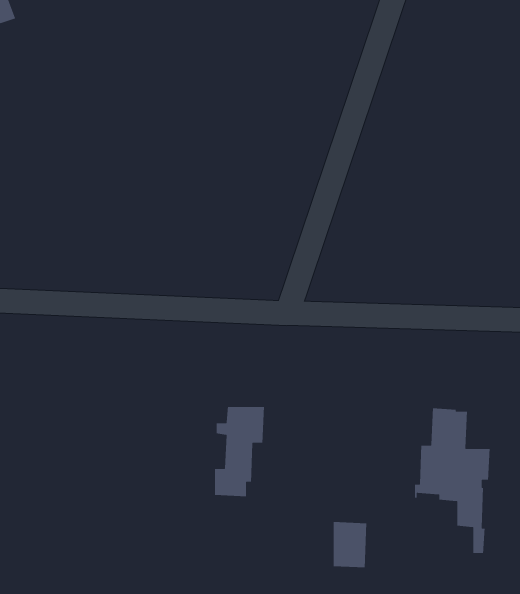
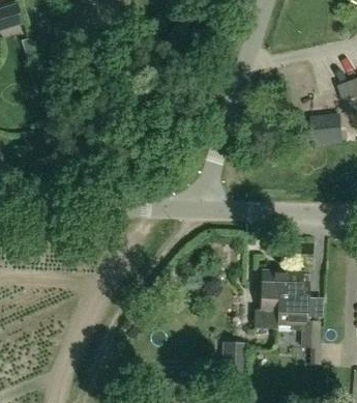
building: none -> [303,120,333,146]
building: [214,406,265,497] -> [252,270,285,328]

